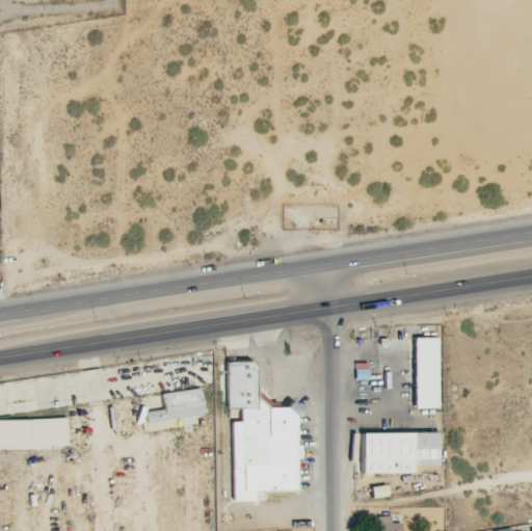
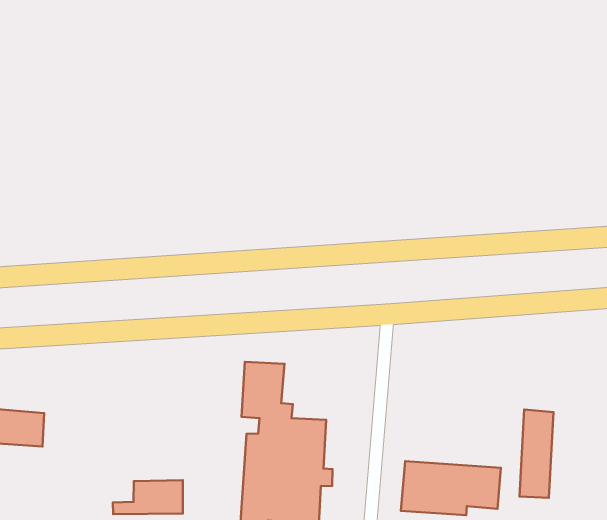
building: [416,338,442,408] -> [519,410,553,498]
building: [149,389,206,421] -> [113,480,183,514]

